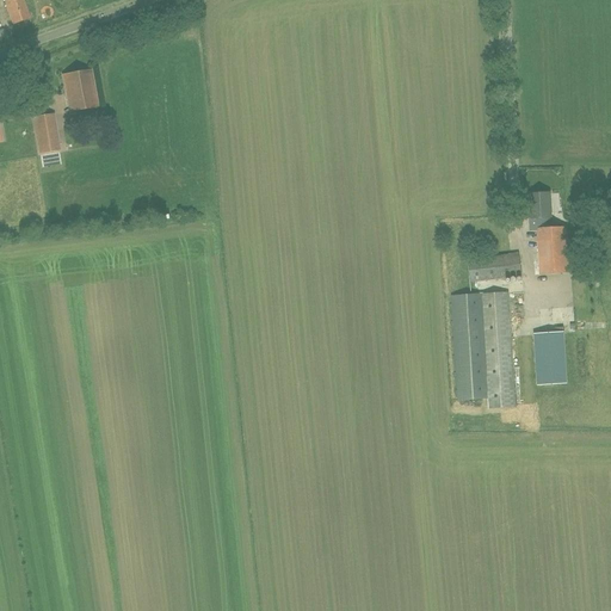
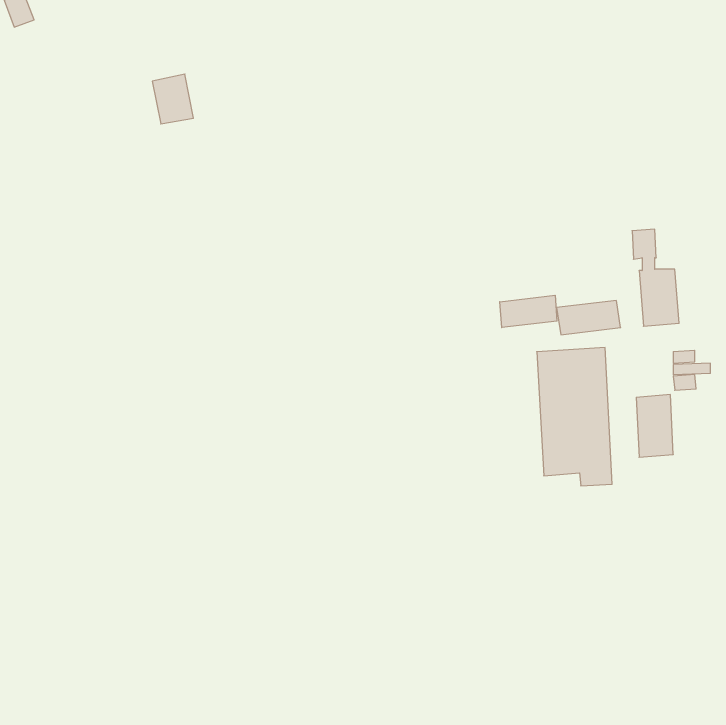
building: [62,68,97,110] -> [152,74,193,124]
building: [33,113,58,152] -> none
building: none -> [500,295,557,328]

